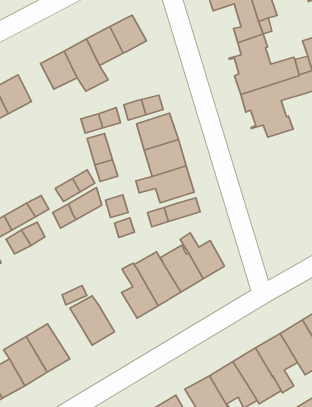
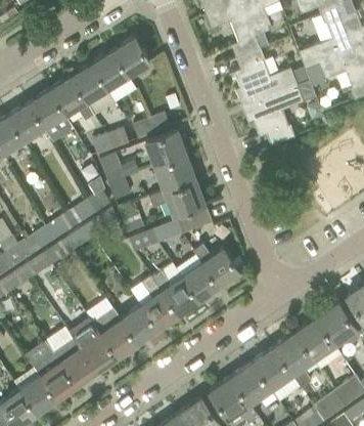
building: none -> [30,91,73,140]
building: none -> [122,304,158,342]
building: none -> [72,321,118,371]

